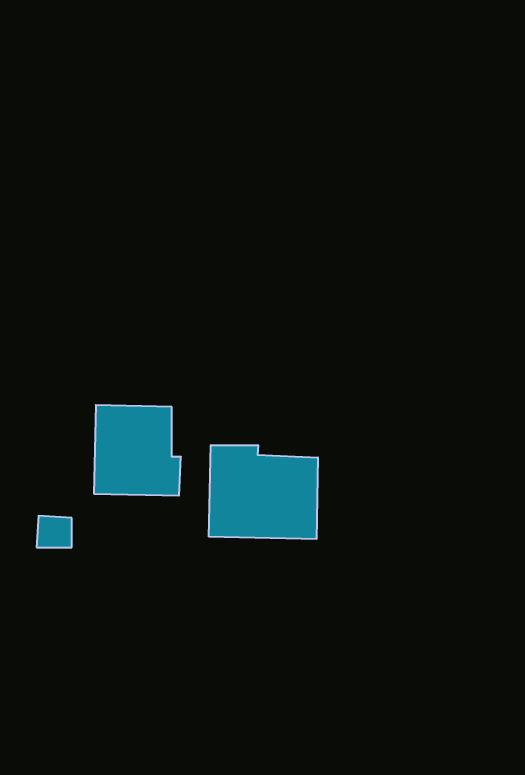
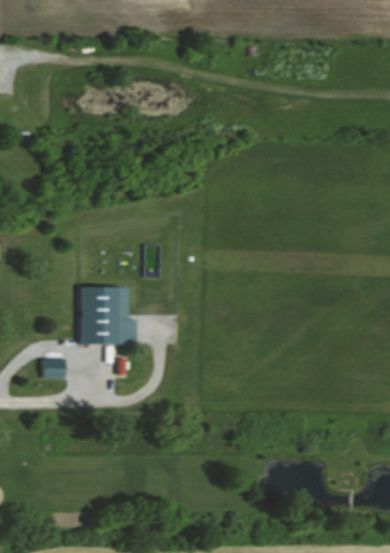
building: [209,445,318,539] -> none

